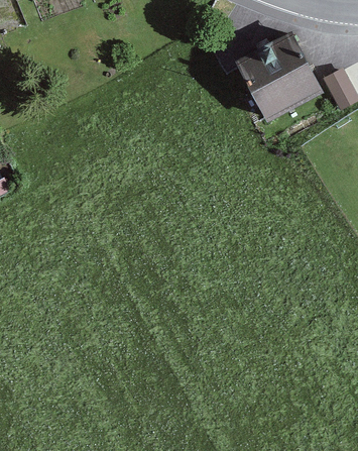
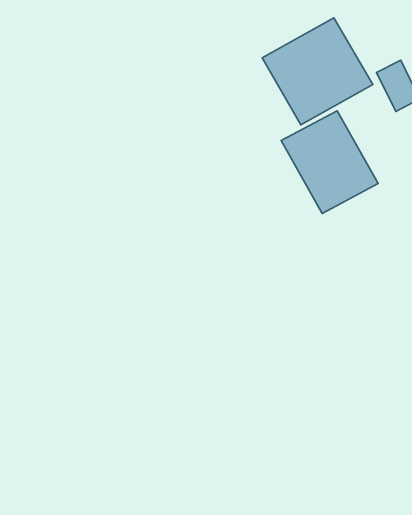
building: none -> [281,111,378,213]

